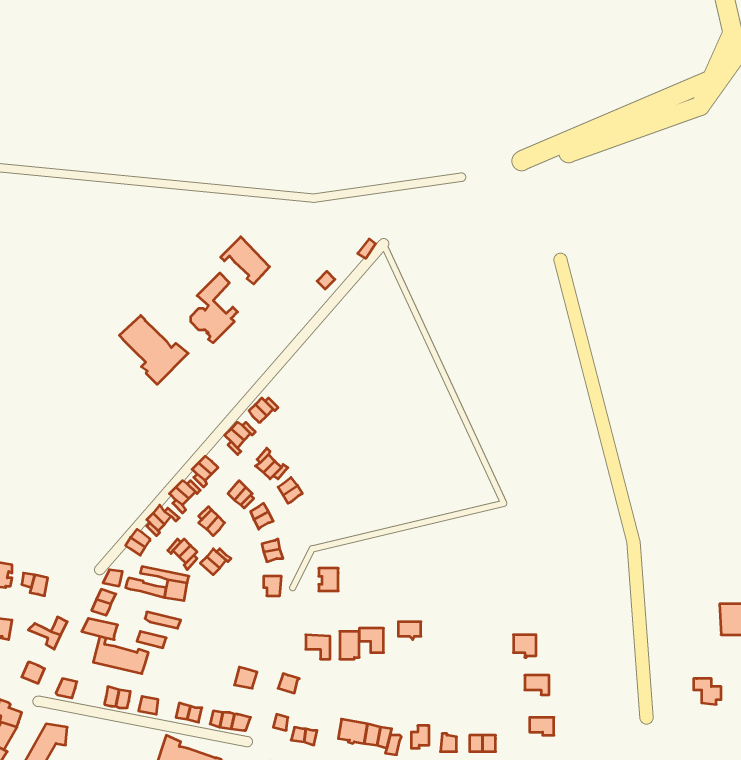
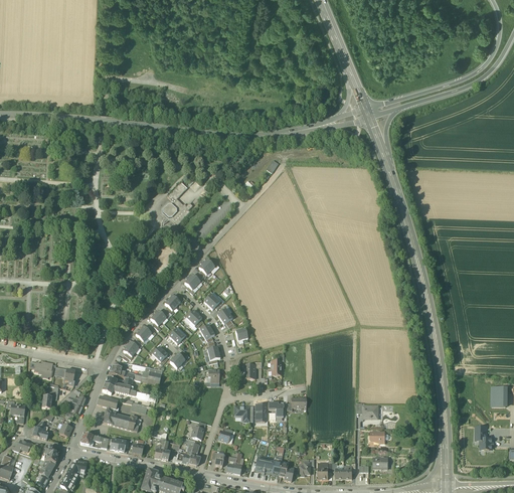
building: [221,237,270,284] -> none
building: [119,315,188,384] -> none

